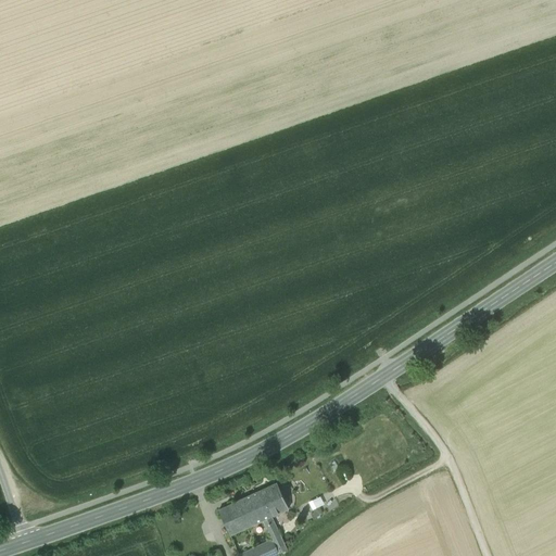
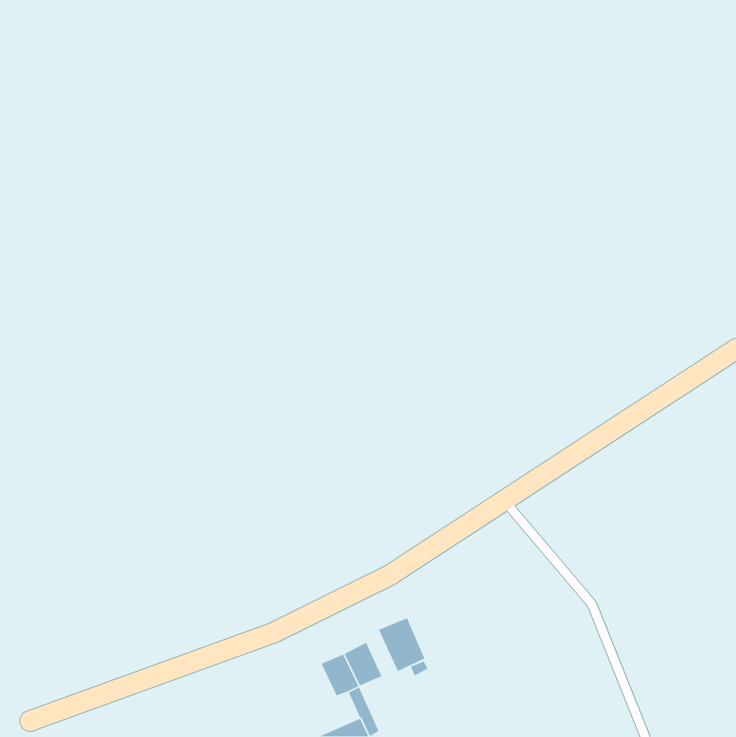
building: none -> [378,617,426,672]
building: [217,500,253,535] -> none

